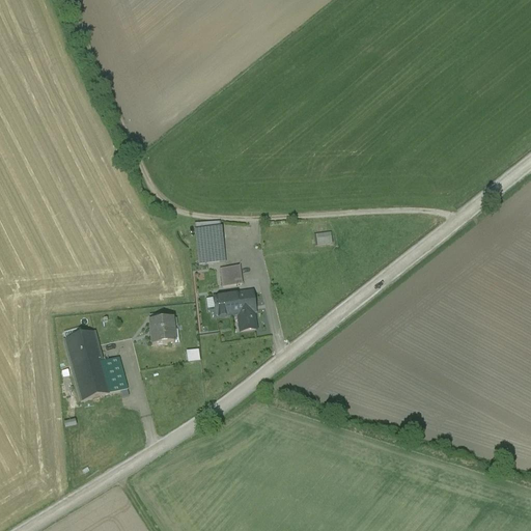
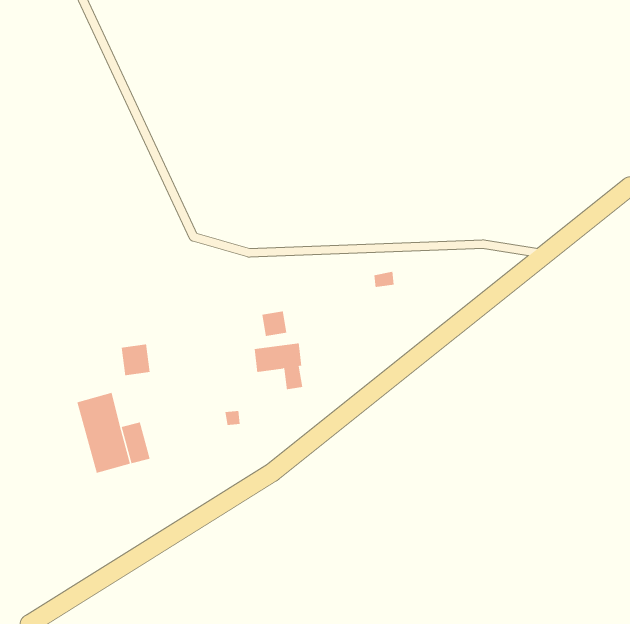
building: [195,224,224,260] -> none
building: [150,315,175,342] -> [121,344,150,376]

